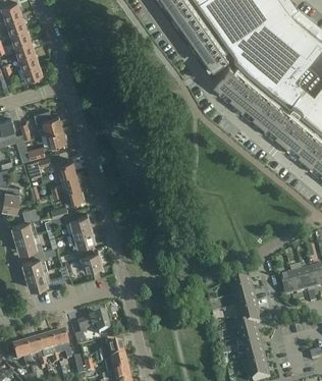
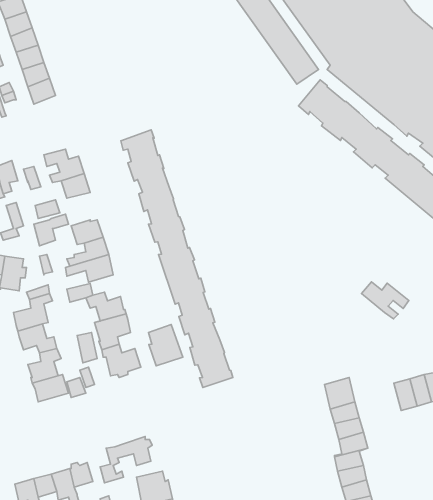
building: none -> [121,130,233,387]
building: none -> [361,282,409,319]
building: none -> [148,325,183,366]

